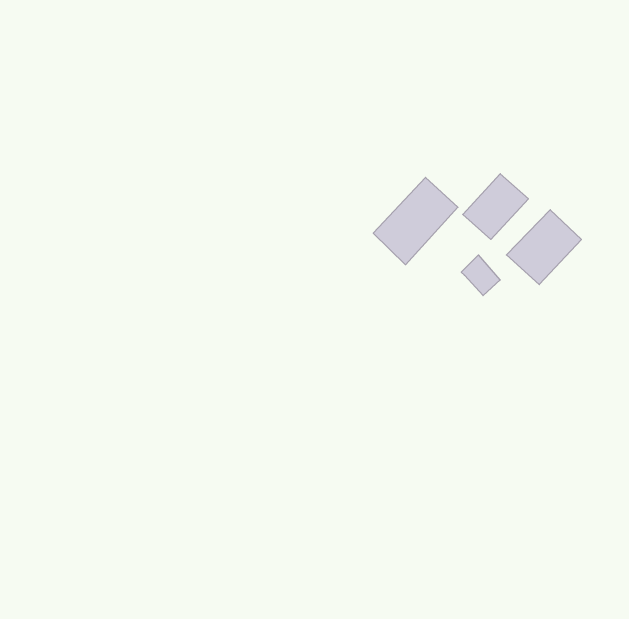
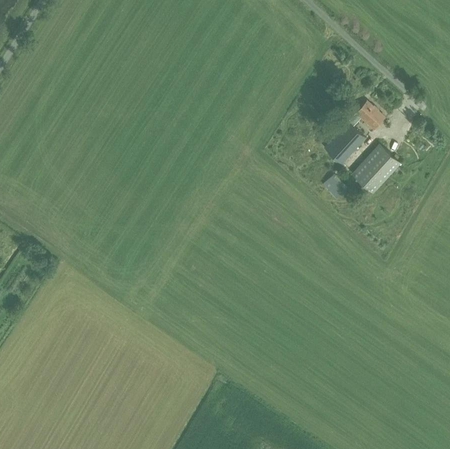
building: none -> [355,101,384,129]
building: [373,177,458,265] -> none

